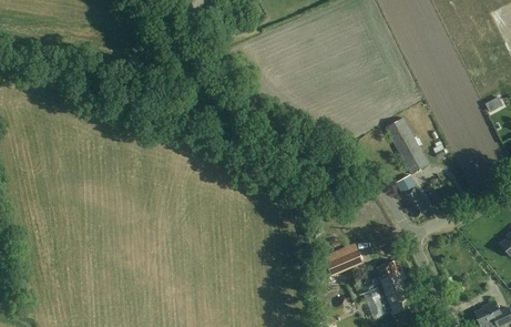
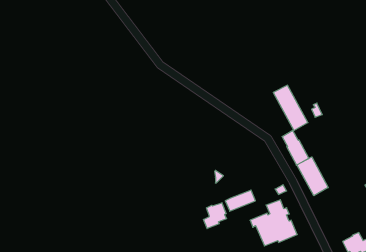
building: none -> [297,157,328,196]
building: none -> [204,203,227,229]

